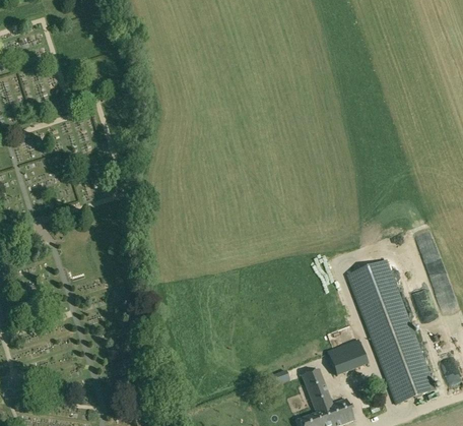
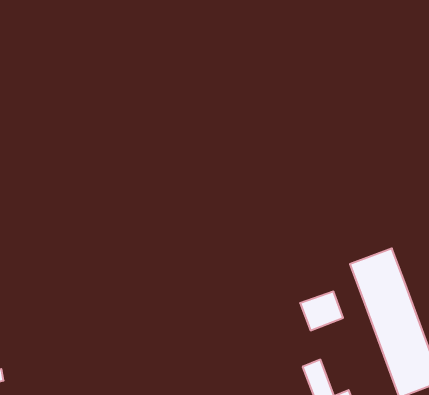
building: [326,338,368,375] -> [300,292,343,330]

